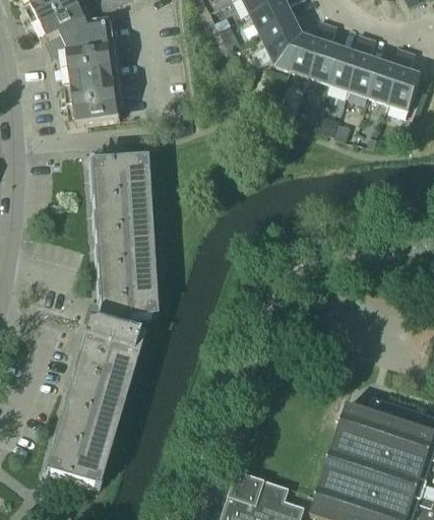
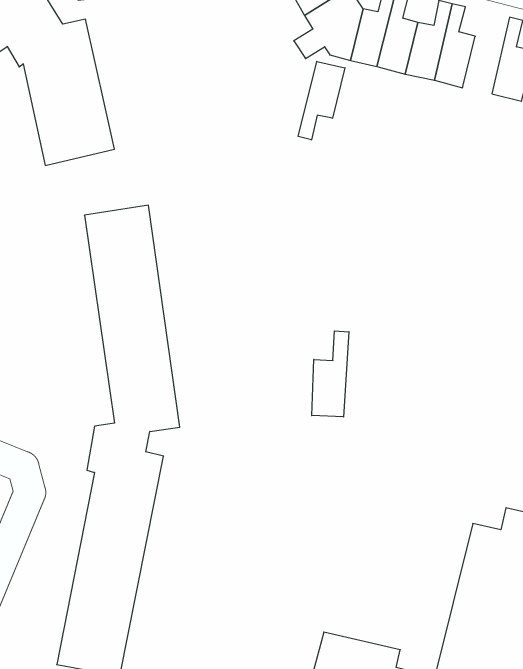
building: [370,48,408,104] -> none
building: none -> [298,61,345,140]
building: none -> [312,331,349,417]

